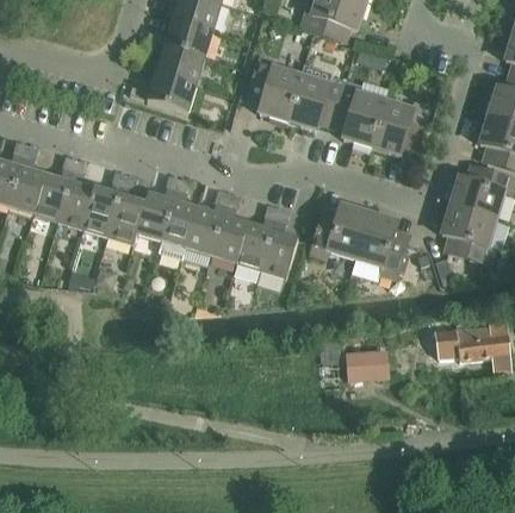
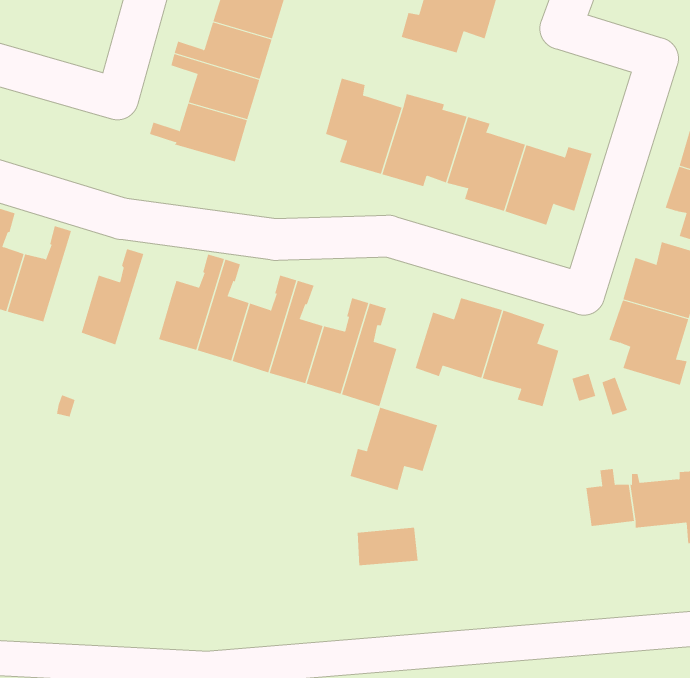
building: [57,158,94,227] -> none
building: [106,174,143,243] -> none
building: none -> [350,407,438,491]
building: [346,351,387,377] -> [357,527,418,566]

